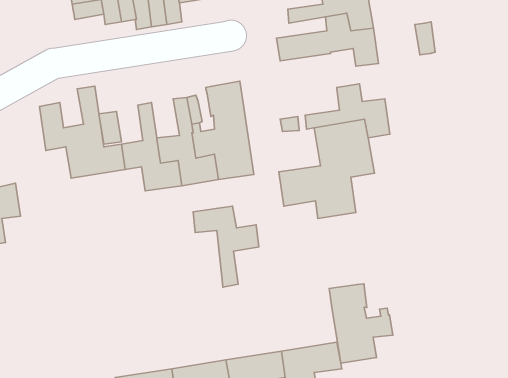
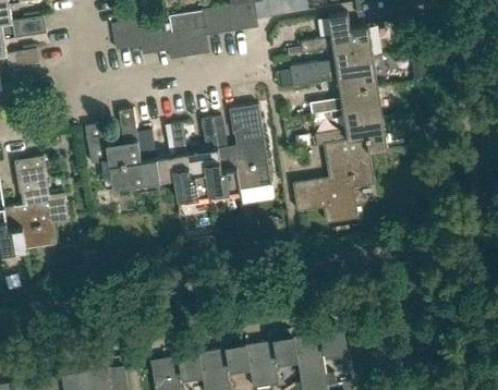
building: none -> [309,75,384,121]
building: [193,206,259,287] -> none
building: [329,284,393,363] -> none

